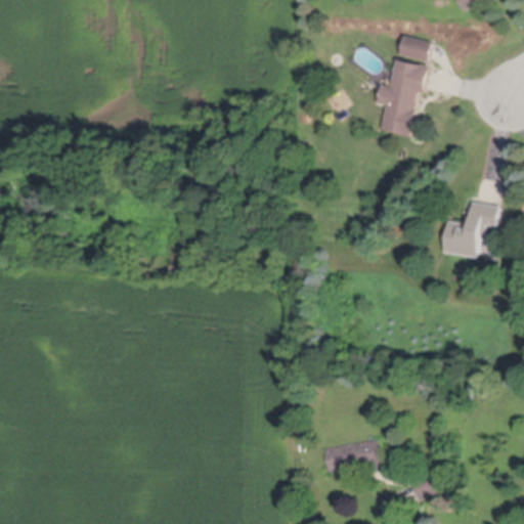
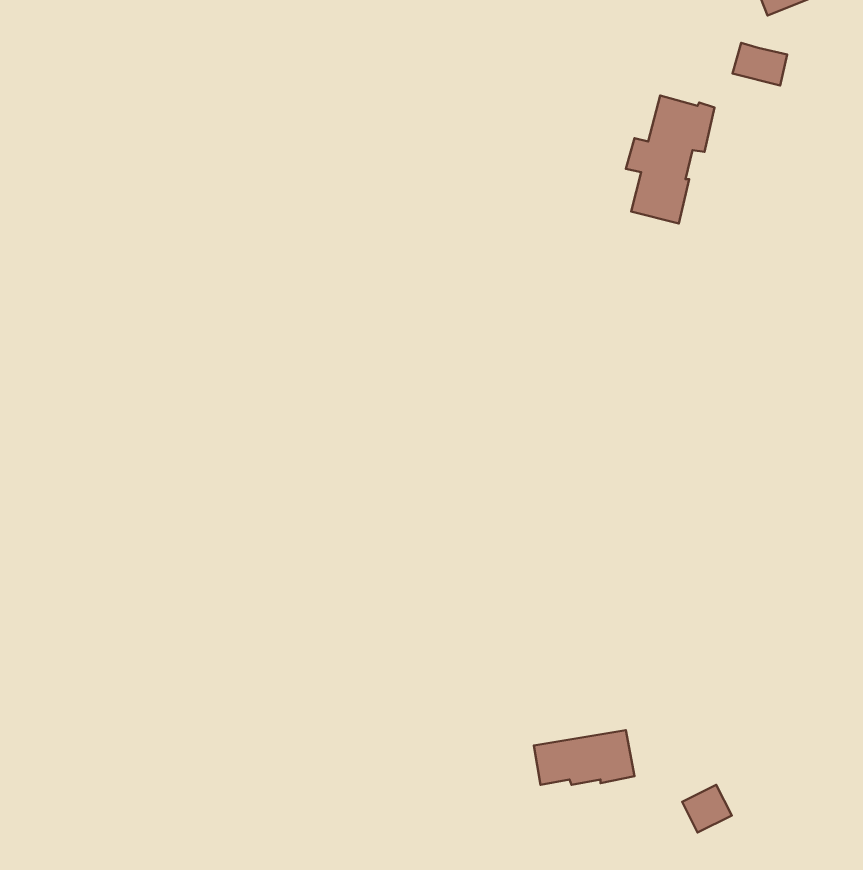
building: [398,34,431,59] -> [733,43,787,85]
building: [441,201,497,256] -> none

